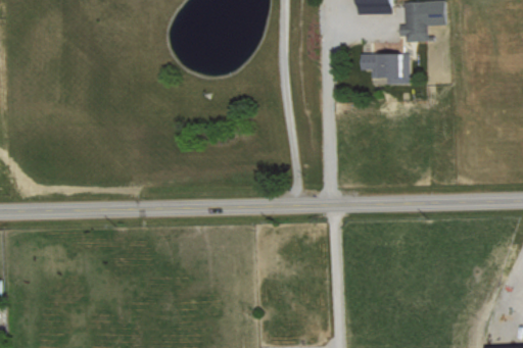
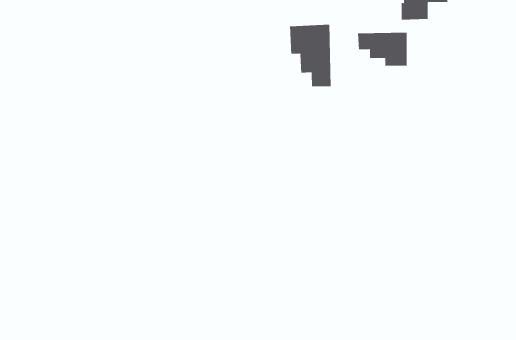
building: none -> [290,24,331,87]

